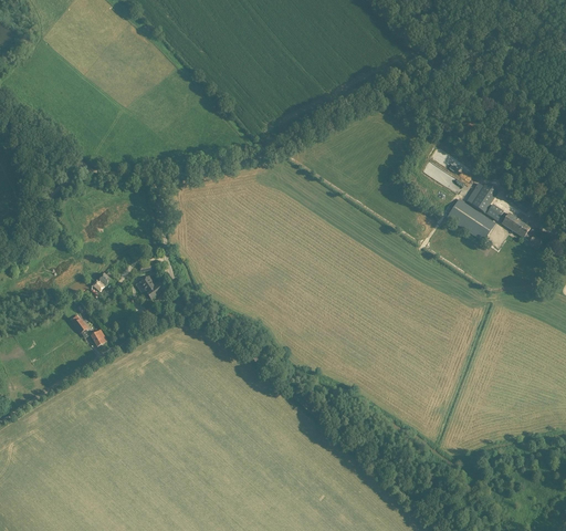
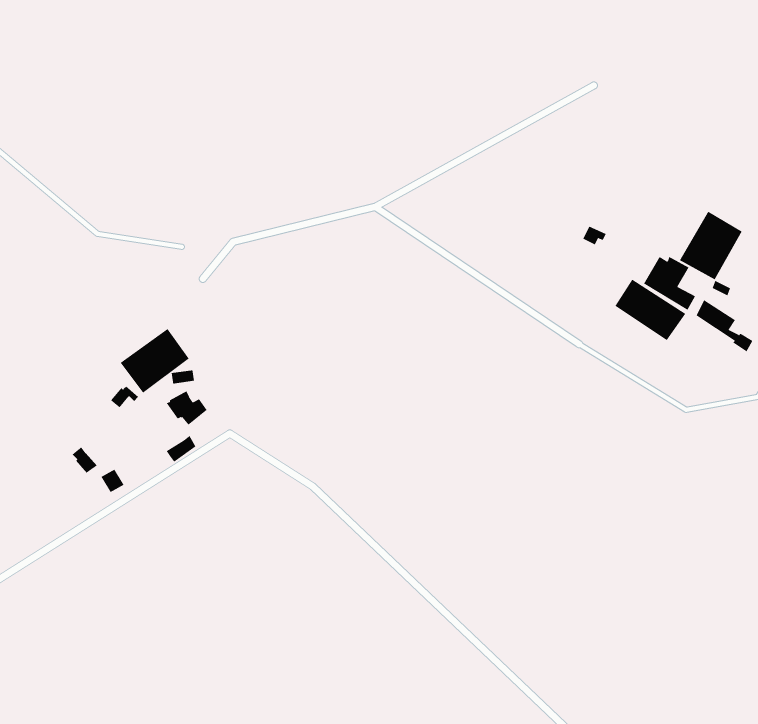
building: none -> [679,211,743,280]
building: none -> [120,328,190,393]

